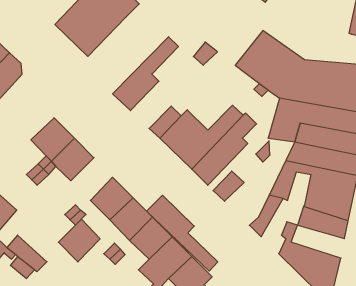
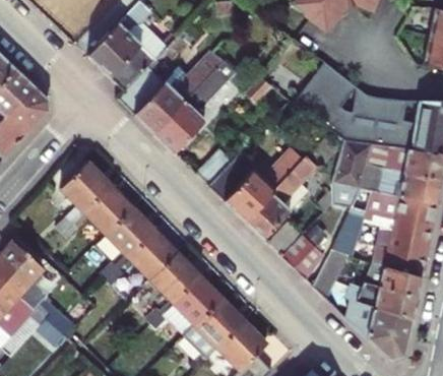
building: none -> [133,50,225,133]
building: none -> [281,235,324,279]
building: [147,195,218,271] -> none
building: [58,219,100,262] -> [106,206,153,255]
building: none -> [358,284,419,321]

